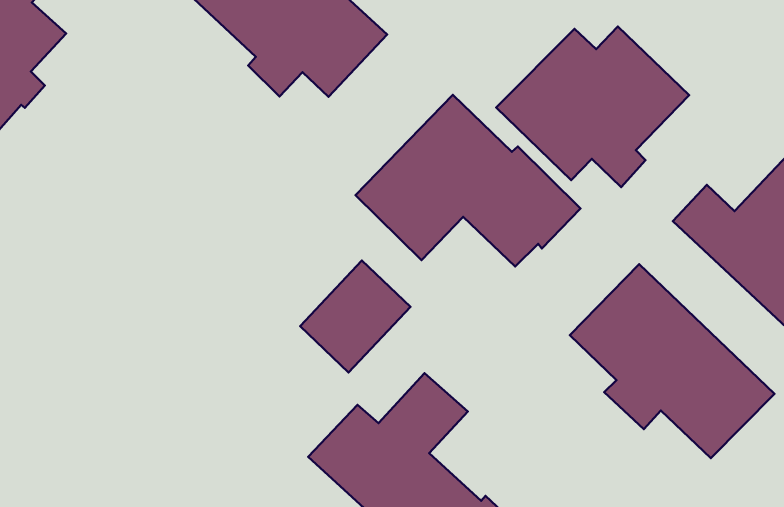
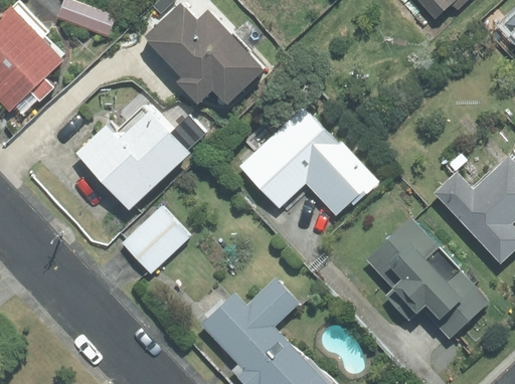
building: [496,26,689,187] -> none
building: none -> [75,105,205,209]
building: [300,260,410,373] -> [122,205,190,273]

